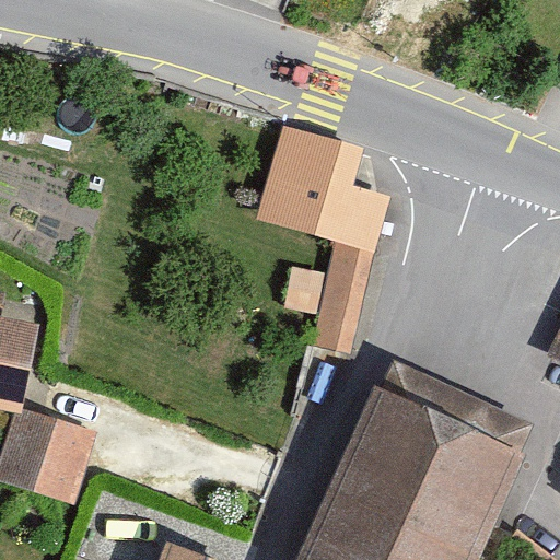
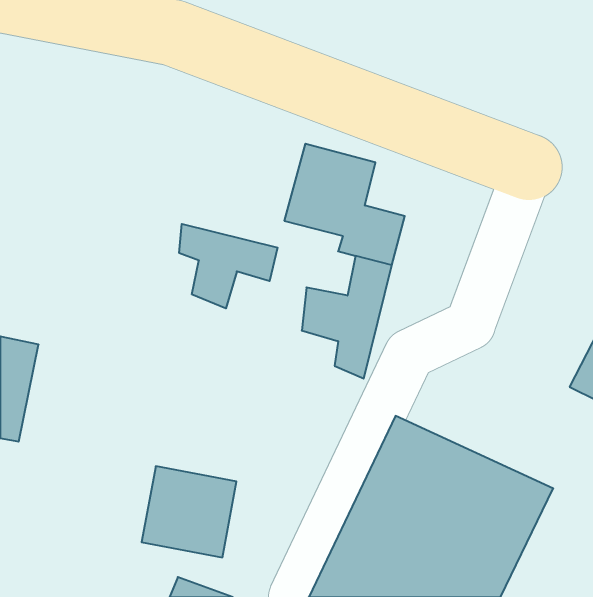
building: none -> [179,224,278,308]
building: [9,417,97,502] -> [142,466,236,557]

